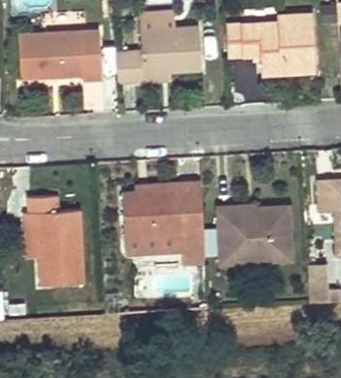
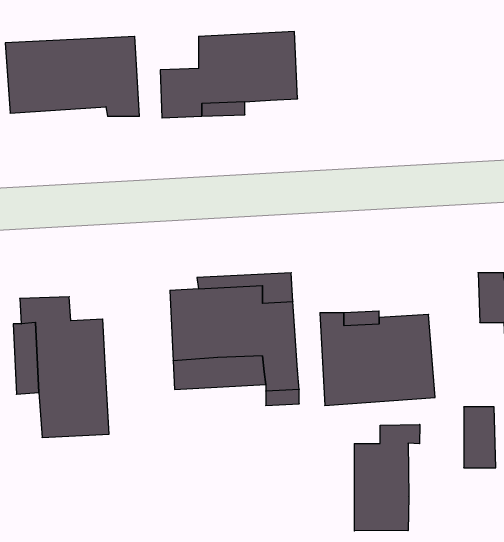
building: [225,14,315,74] -> none
building: none -> [354,424,420,531]

